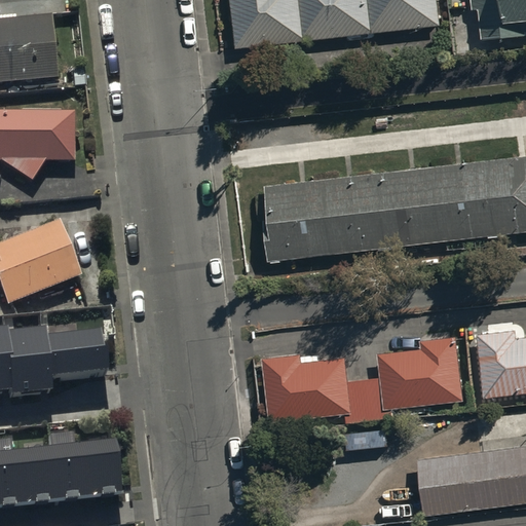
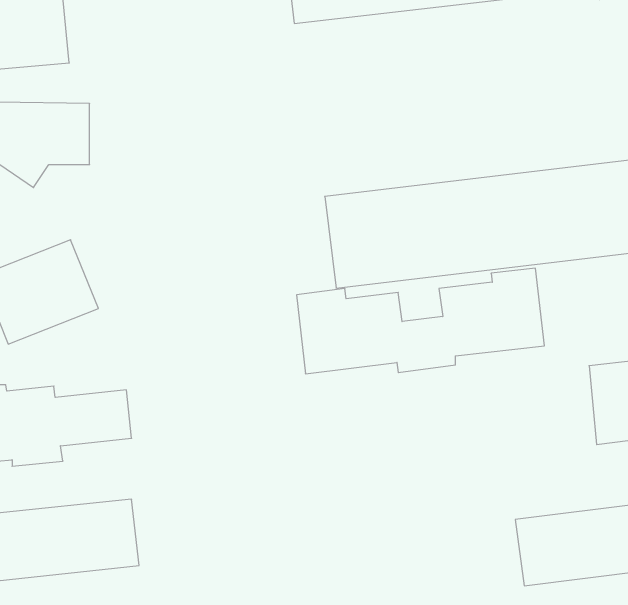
building: [265,337,465,422] -> [297,268,544,374]

